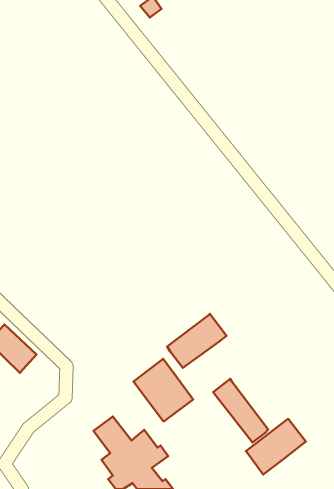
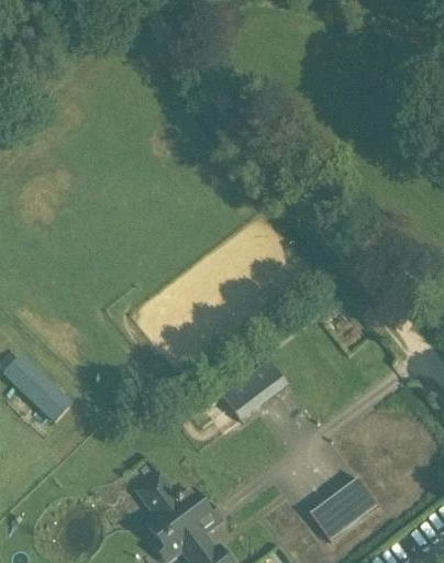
building: [133,359,193,421] -> none
building: [213,379,268,442] -> none

